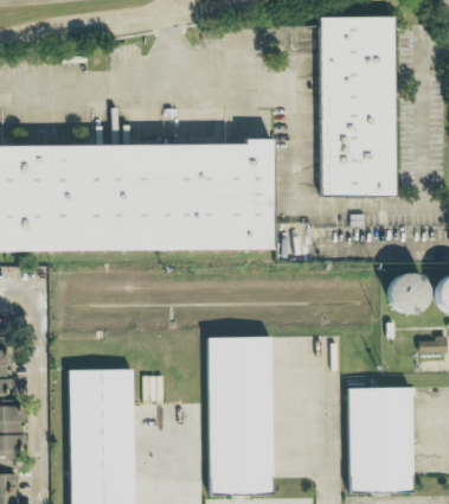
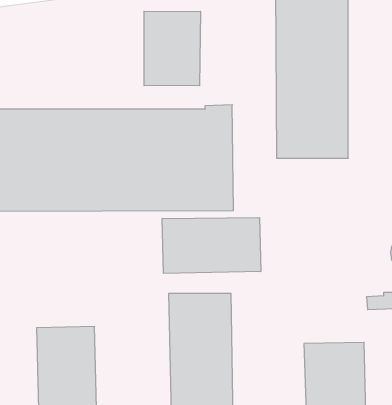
building: none -> [144,11,201,86]
building: none -> [162,218,261,273]
building: [391,274,431,313] -> none

